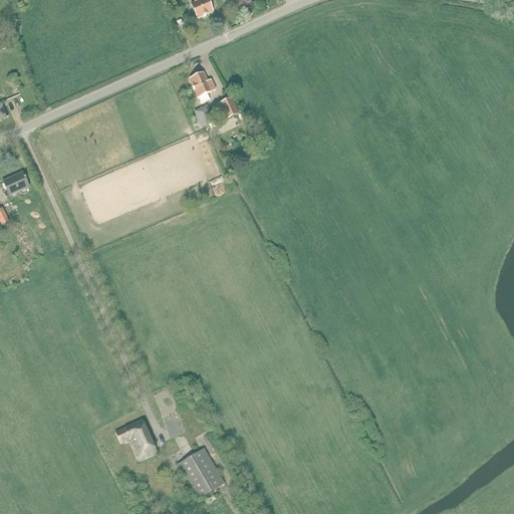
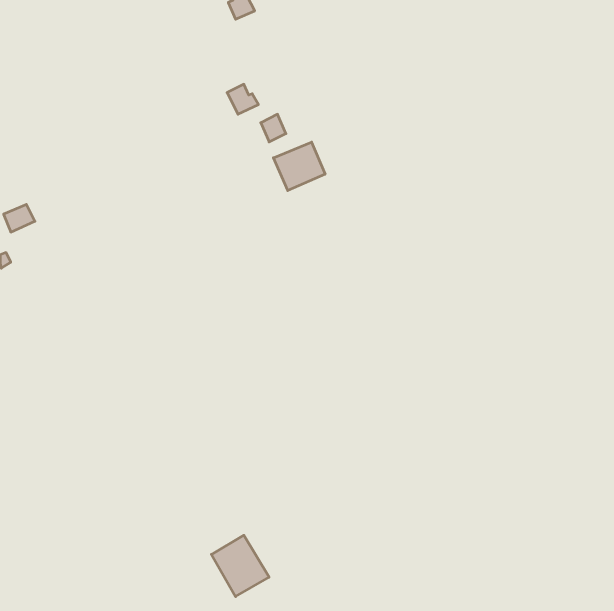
building: none -> [273,142,325,191]
building: [114,419,156,458] -> none

